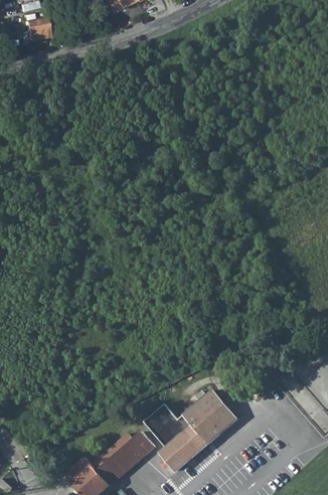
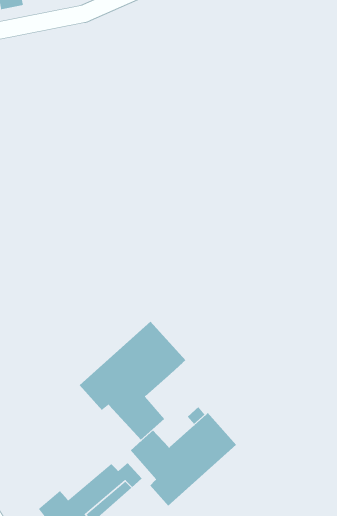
building: none -> [79,321,186,441]

